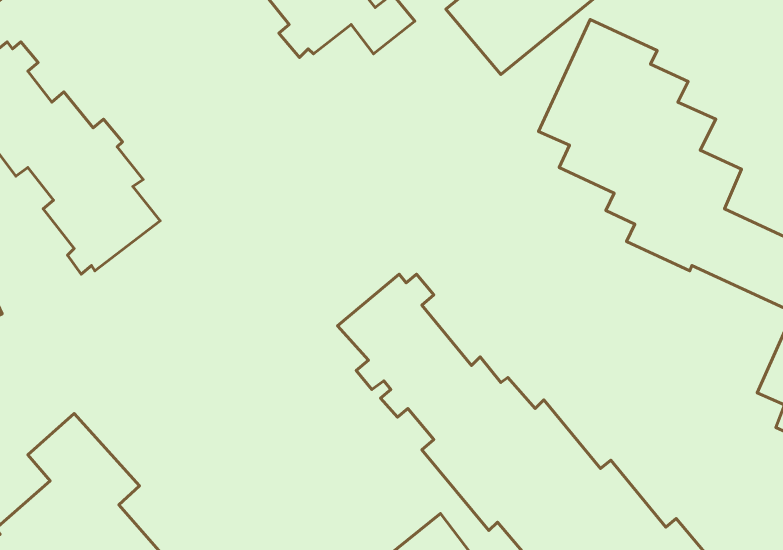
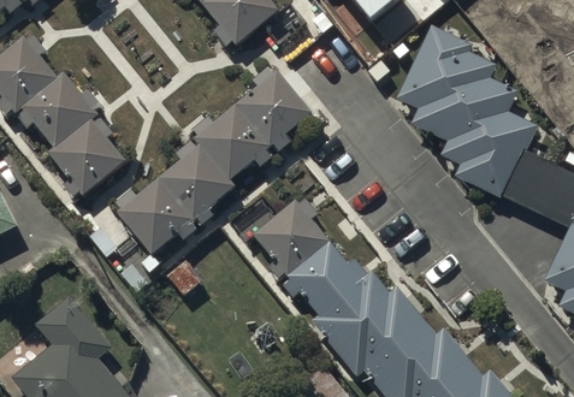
building: none -> [90,67,310,255]

